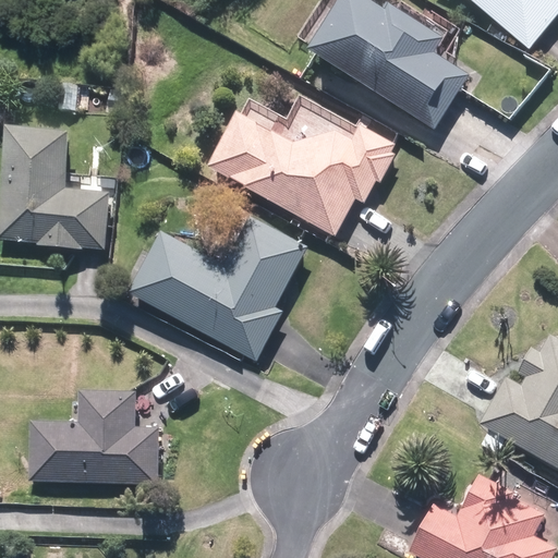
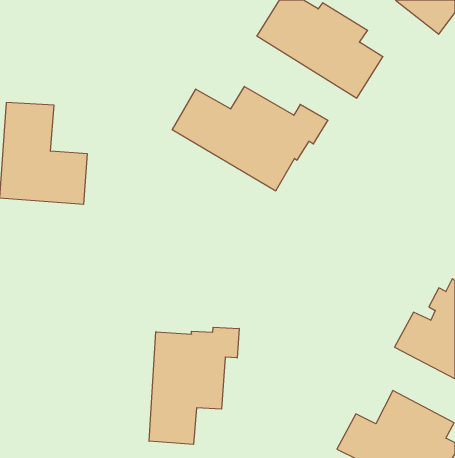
building: [131,223,307,356] -> none
building: [28,396,154,483] -> none
building: none -> [149,327,239,444]

